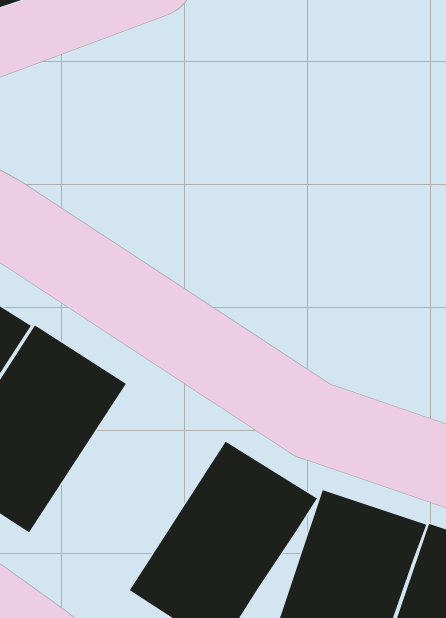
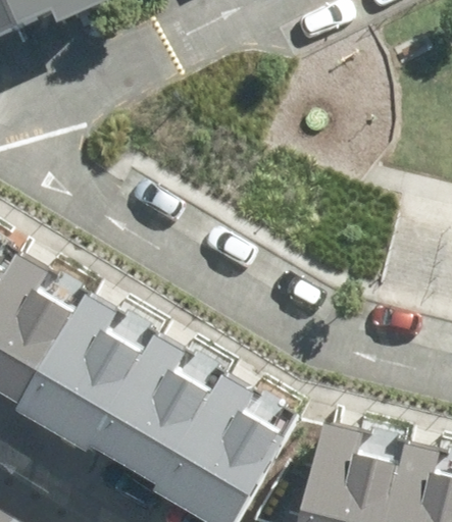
building: none -> [92,331,233,492]

